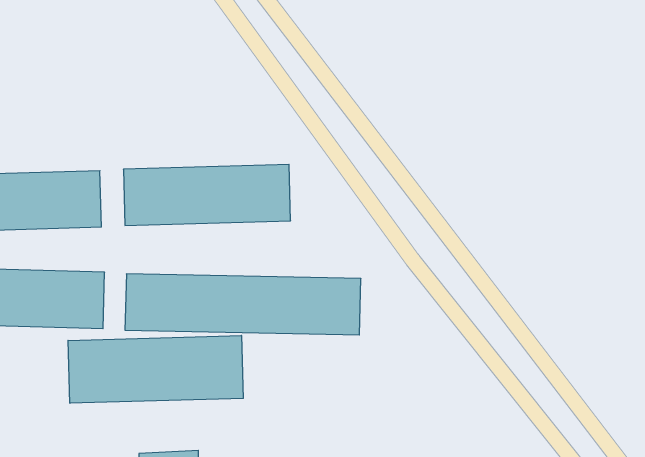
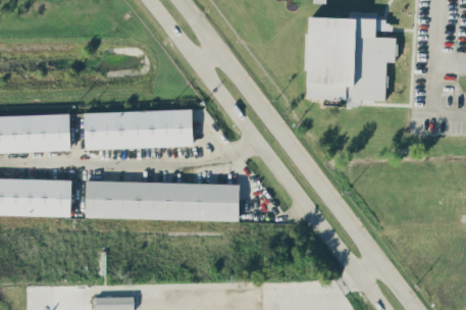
building: none -> [306,17,395,100]
building: [68,335,243,403] -> none

